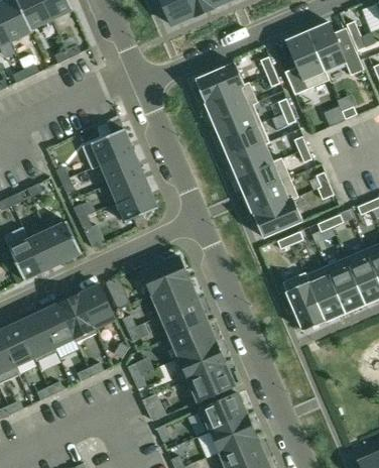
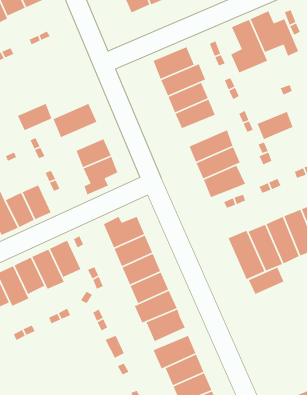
building: [229,142,281,178] -> [256,109,302,140]
building: [91,150,140,183] -> [9,103,52,131]
building: none -> [248,266,285,297]

